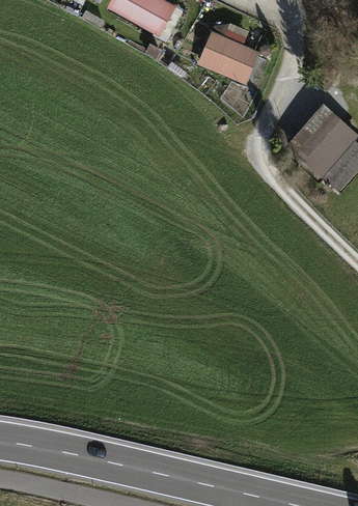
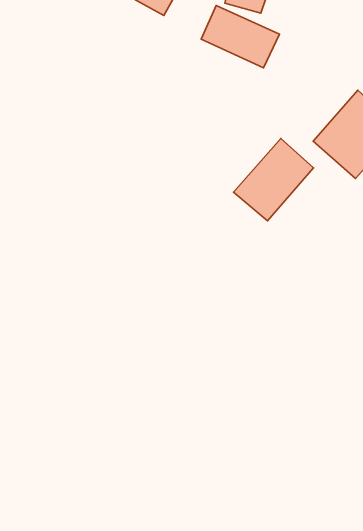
building: none -> [234,138,314,221]

